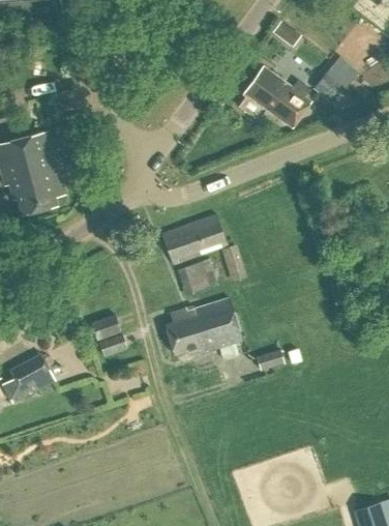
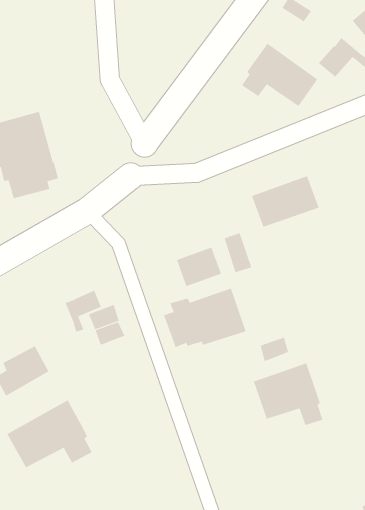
building: [162,215,228,265] -> [251,175,319,227]
building: none -> [65,290,101,333]
building: none -> [253,362,323,426]
building: none -> [7,400,93,468]

